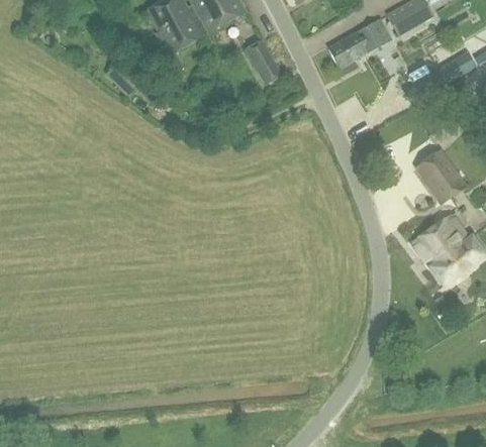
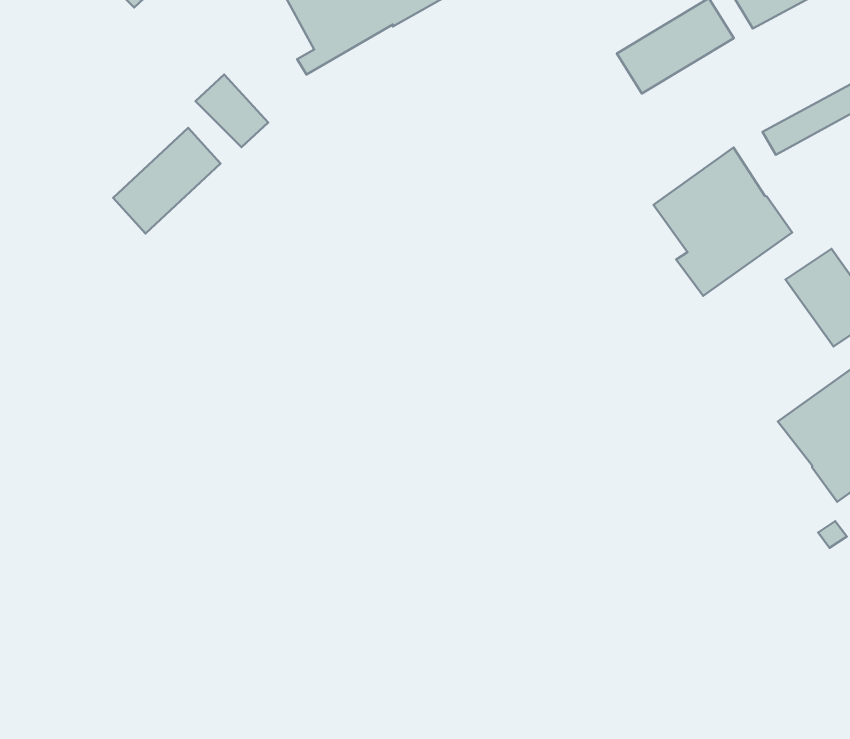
building: [247,40,283,85] -> none
building: none -> [113,128,220,233]
building: none -> [654,147,792,296]

